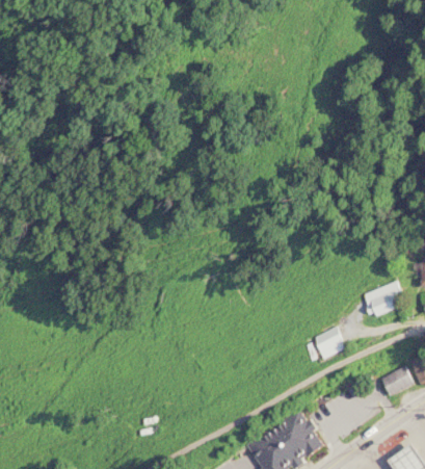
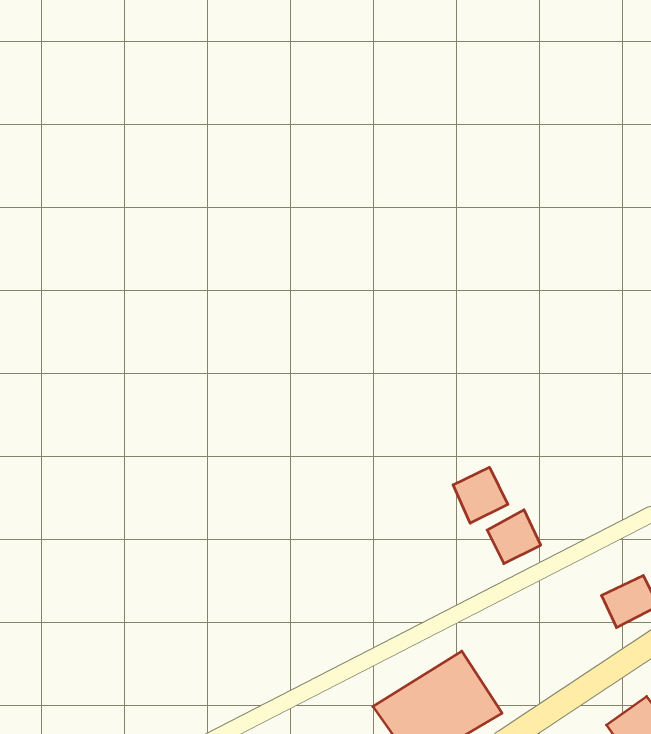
building: [363,285,402,314] -> none
building: none -> [453,467,508,523]

